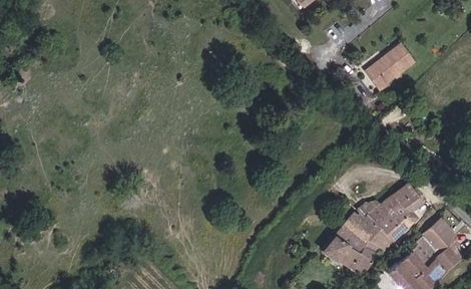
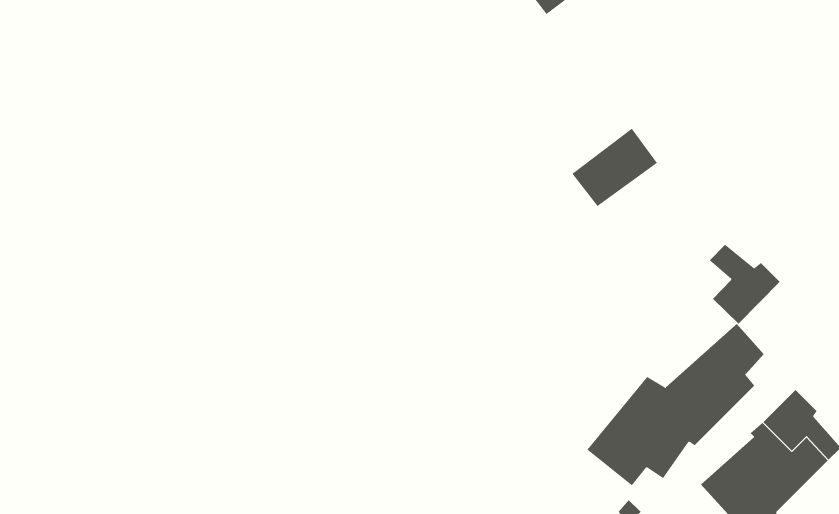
building: [365,43,412,86] -> [572,128,658,207]
building: none -> [709,244,781,325]

